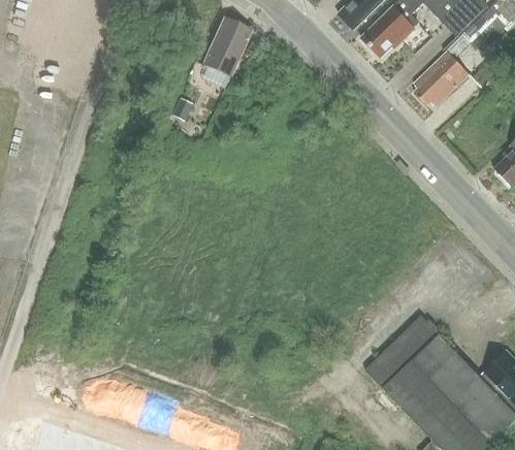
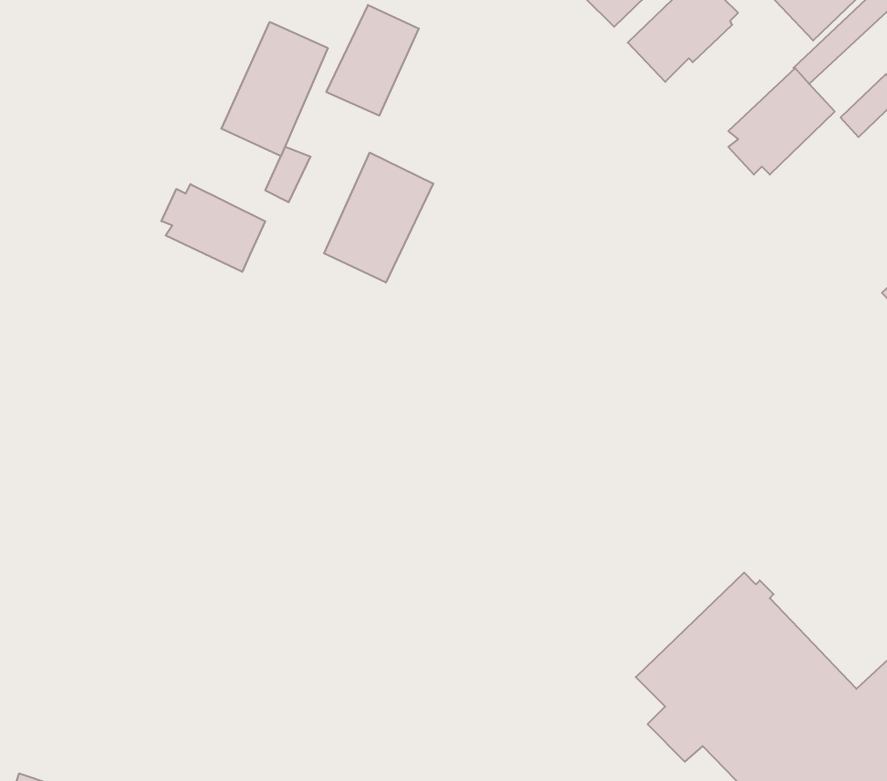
building: none -> [221,22,328,156]
building: none -> [324,153,433,283]
building: none -> [161,184,265,272]

